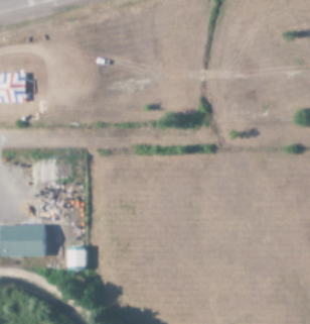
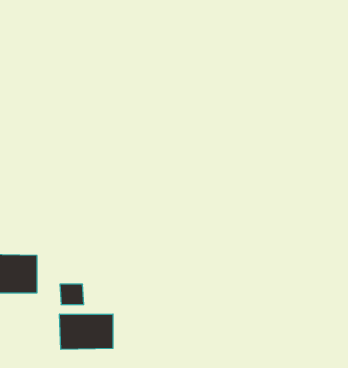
building: none -> [60,314,113,349]

